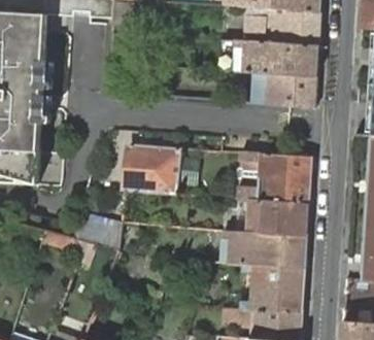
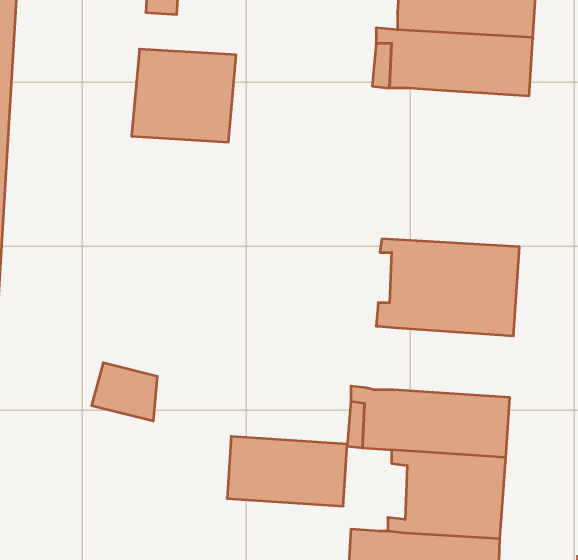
building: [249,72,315,108] -> none
building: [122,145,177,195] -> [132,49,236,142]
building: [243,200,307,237] -> [227,436,347,506]

